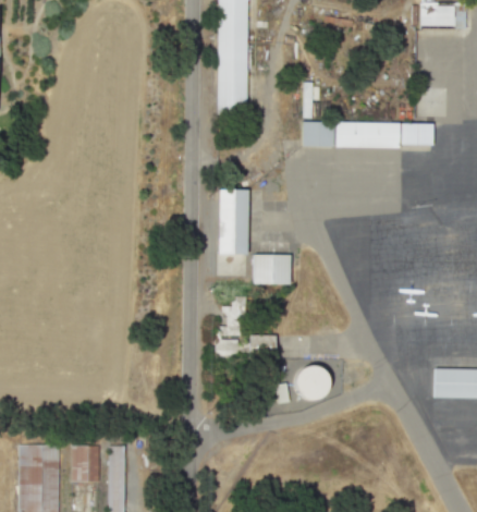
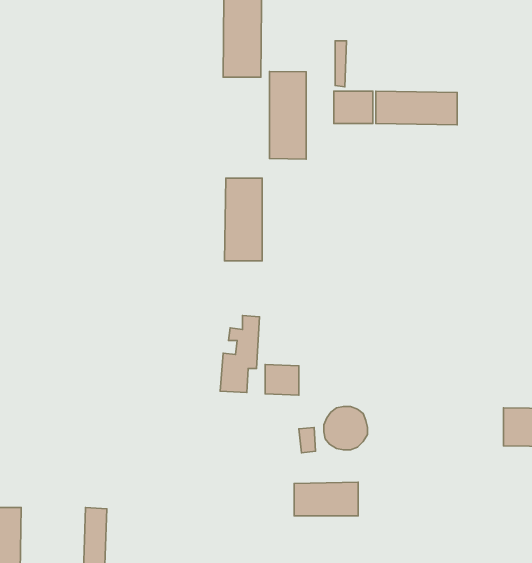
building: none -> [269,71,306,159]
building: [401,123,433,145] -> none
building: [254,255,290,284] -> none
building: none -> [294,482,358,516]
building: [72,446,100,481] -> none

